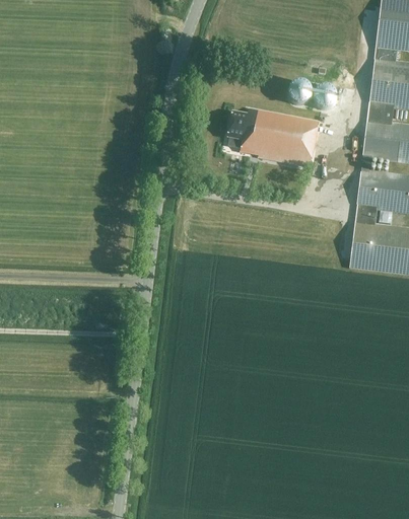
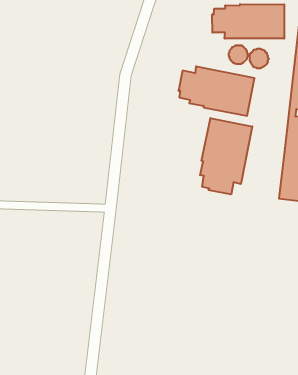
building: none -> [212,4,284,39]
building: none -> [200,118,252,194]

